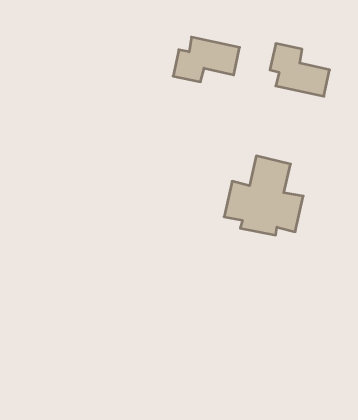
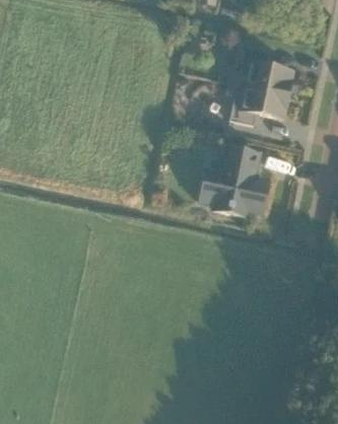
building: [173,37,240,82] -> [230,84,289,124]

